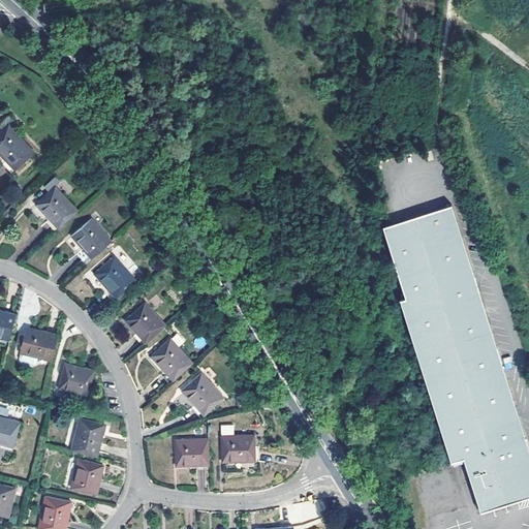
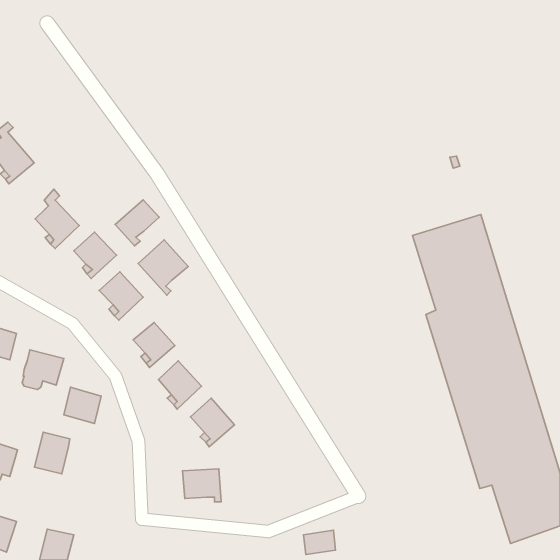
building: none -> [115,200,159,246]
building: none -> [138,240,188,295]
building: [72,417,105,457] -> [34,432,70,474]
building: [218,427,253,464] -> none
building: [68,461,100,495] -> none

